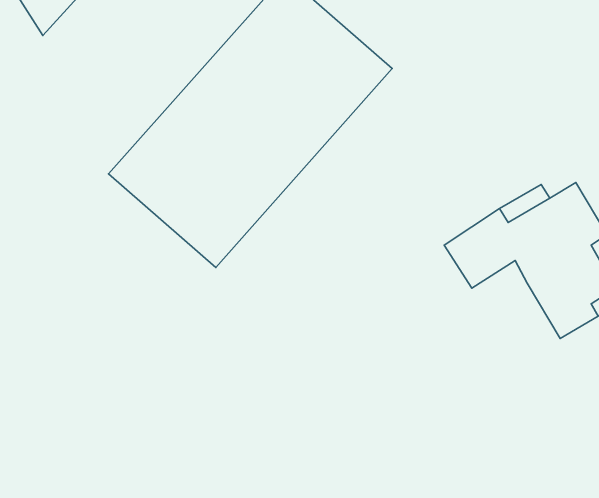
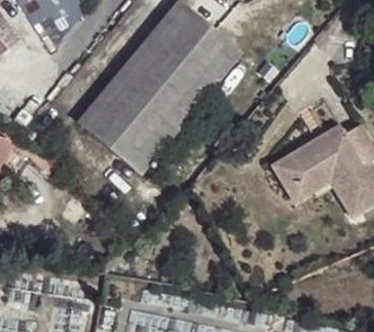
building: none -> [267,158,327,201]

